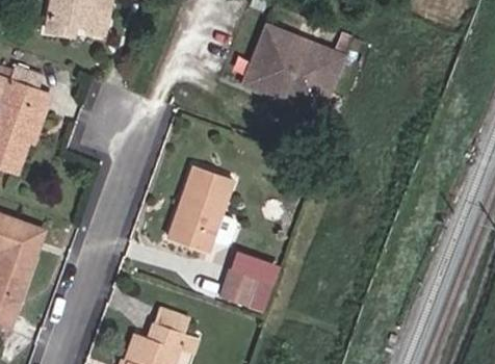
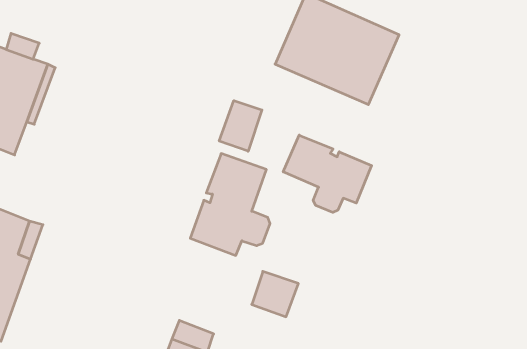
building: none -> [219,101,262,151]
building: none -> [283,135,372,212]

